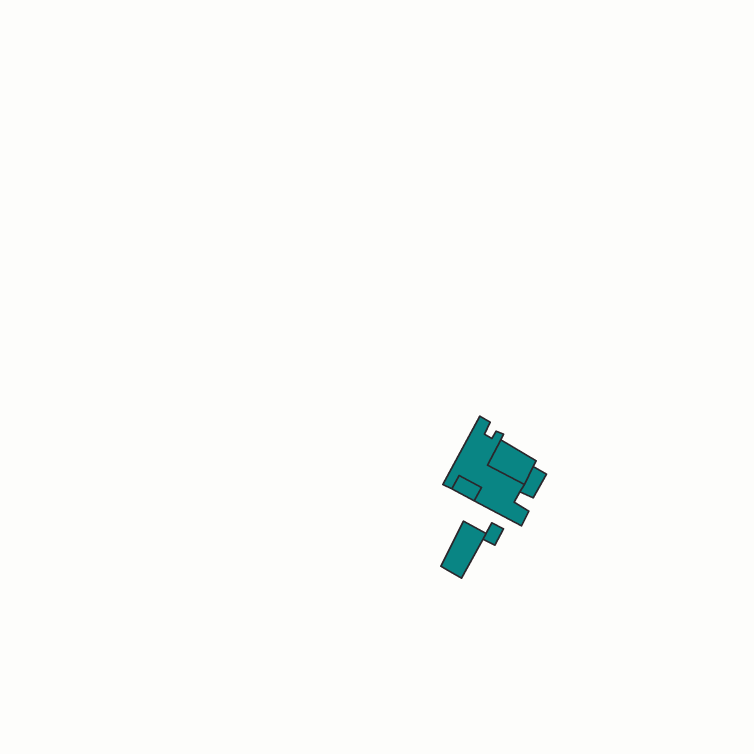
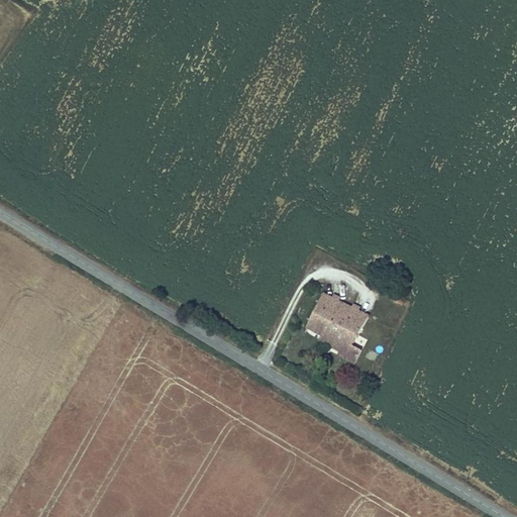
building: [441,521,486,578] -> none

